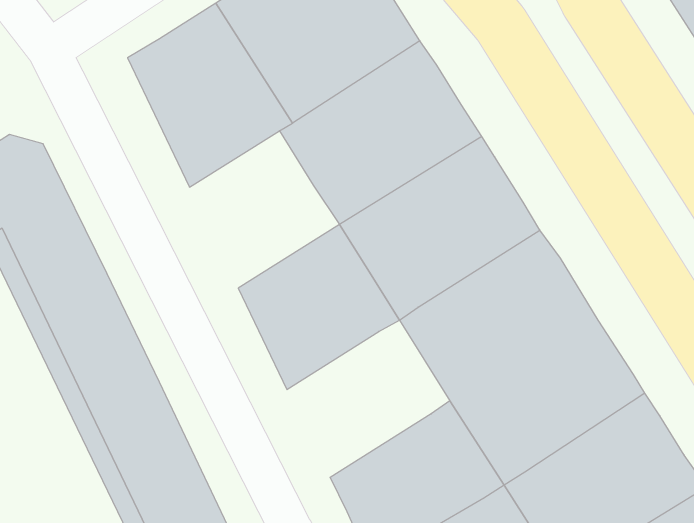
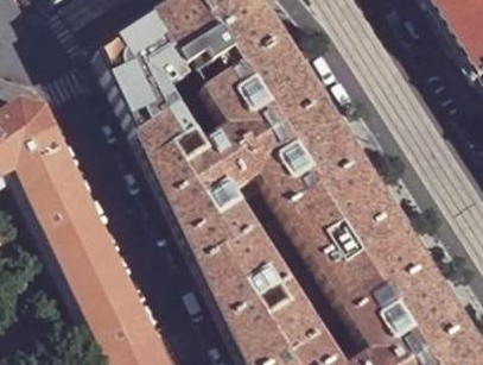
building: none -> [134,94,229,194]
building: none -> [196,214,299,314]

